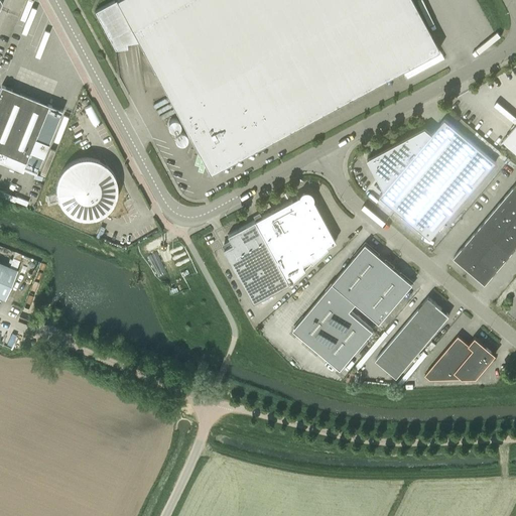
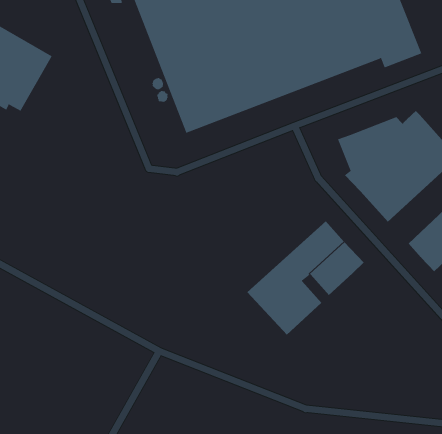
building: [56,159,119,222] -> none
building: [224,192,336,304] -> none
building: [376,298,449,379] -> none
building: [425,337,493,380] -> none

